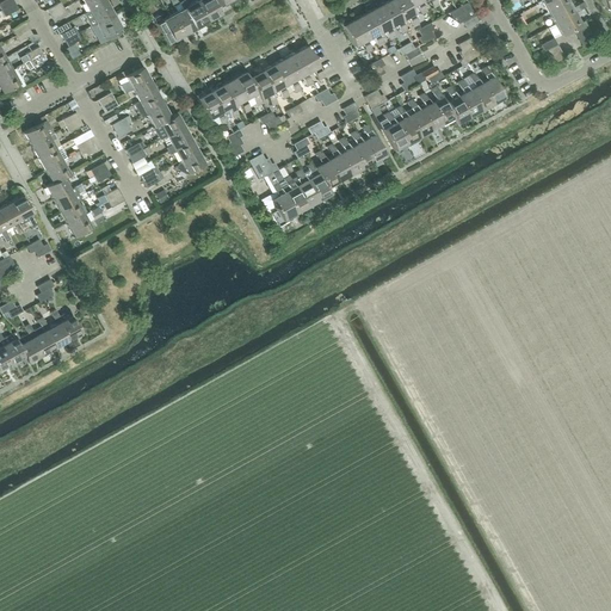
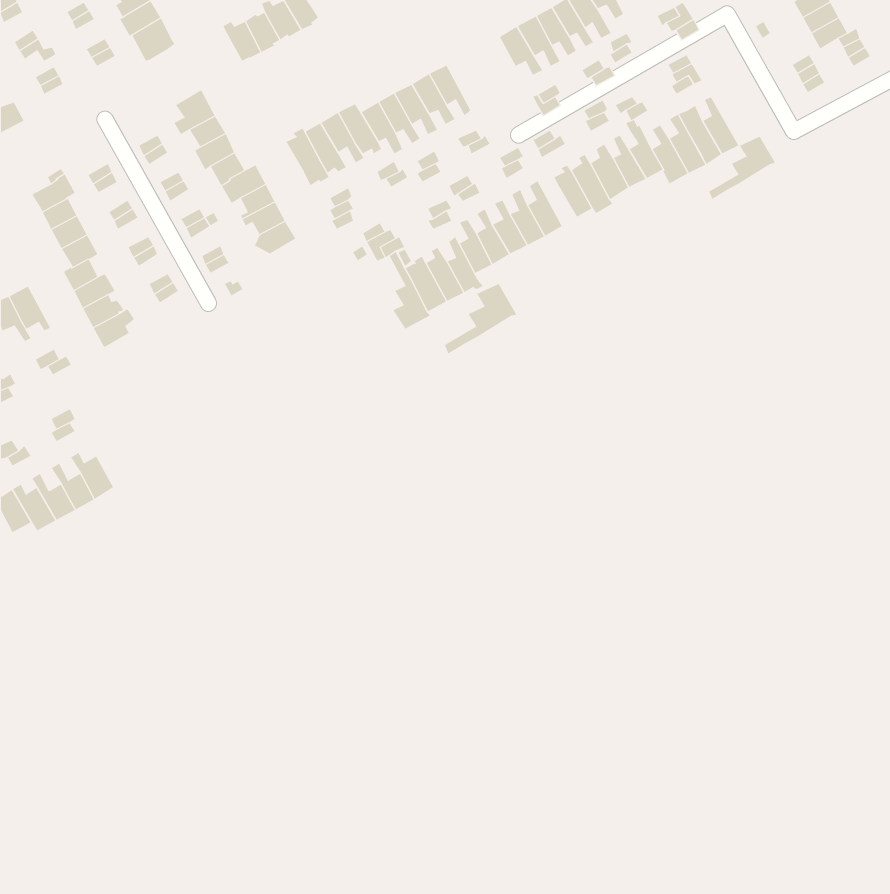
building: none -> [709,136,776,200]
building: none -> [444,283,517,355]

